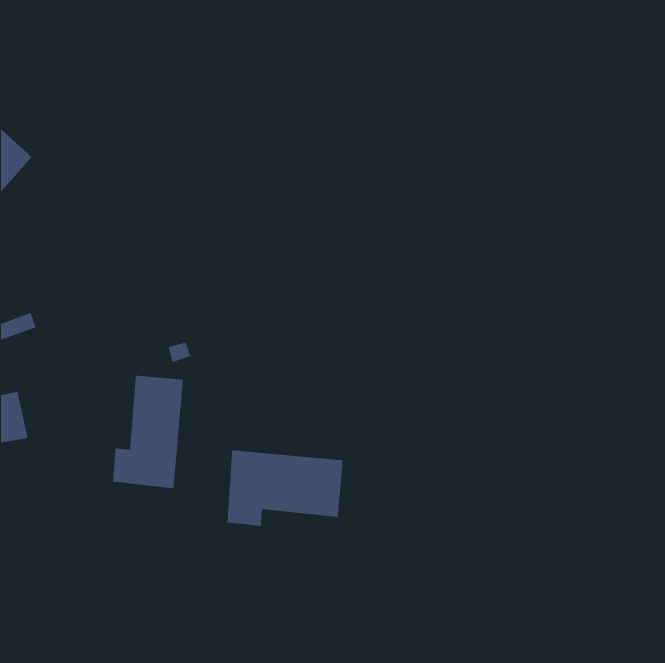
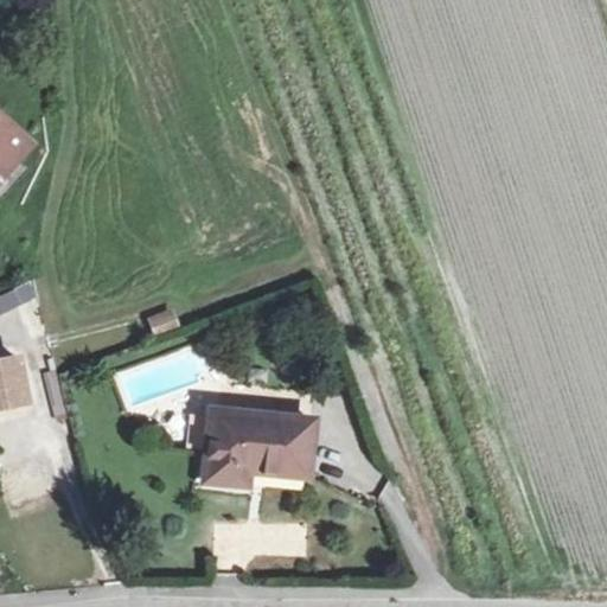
building: [113,375,184,489] -> none

